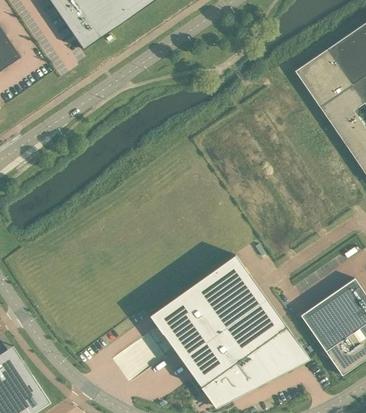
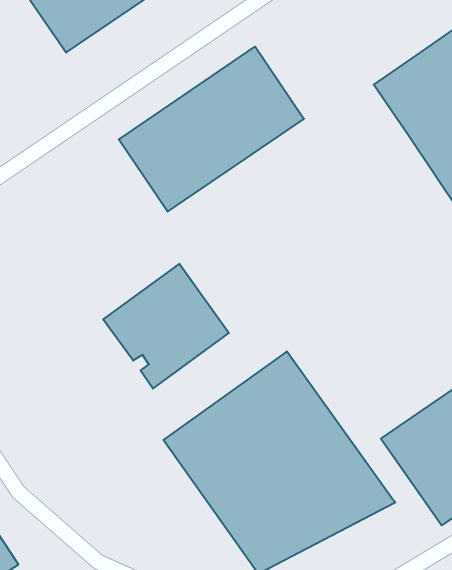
building: none -> [119,47,304,212]
building: none -> [103,264,229,389]

